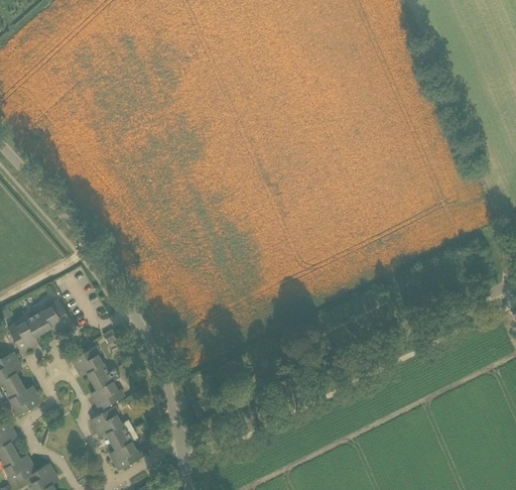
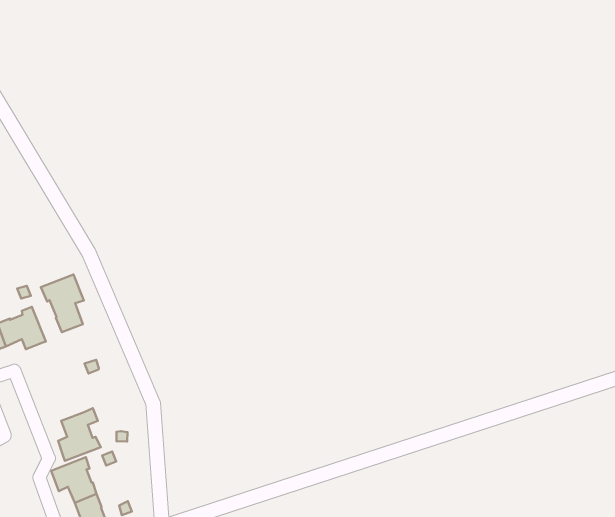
building: none -> [41,275,84,332]
building: [71,346,108,381] -> none

